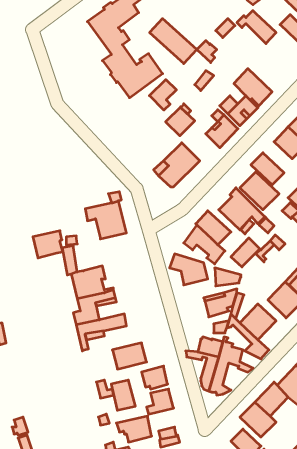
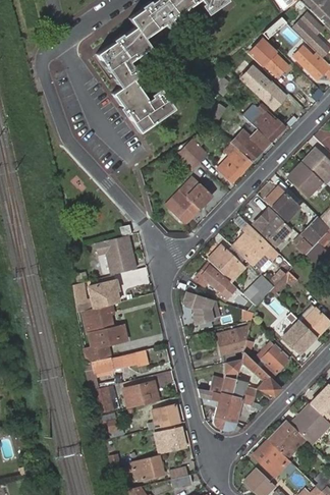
building: [150,19,197,64] -> [239,63,287,109]
building: [149,80,176,110] -> none
building: [33,231,63,258] -> [89,280,119,308]
building: [111,380,135,410] -> [95,384,119,415]

